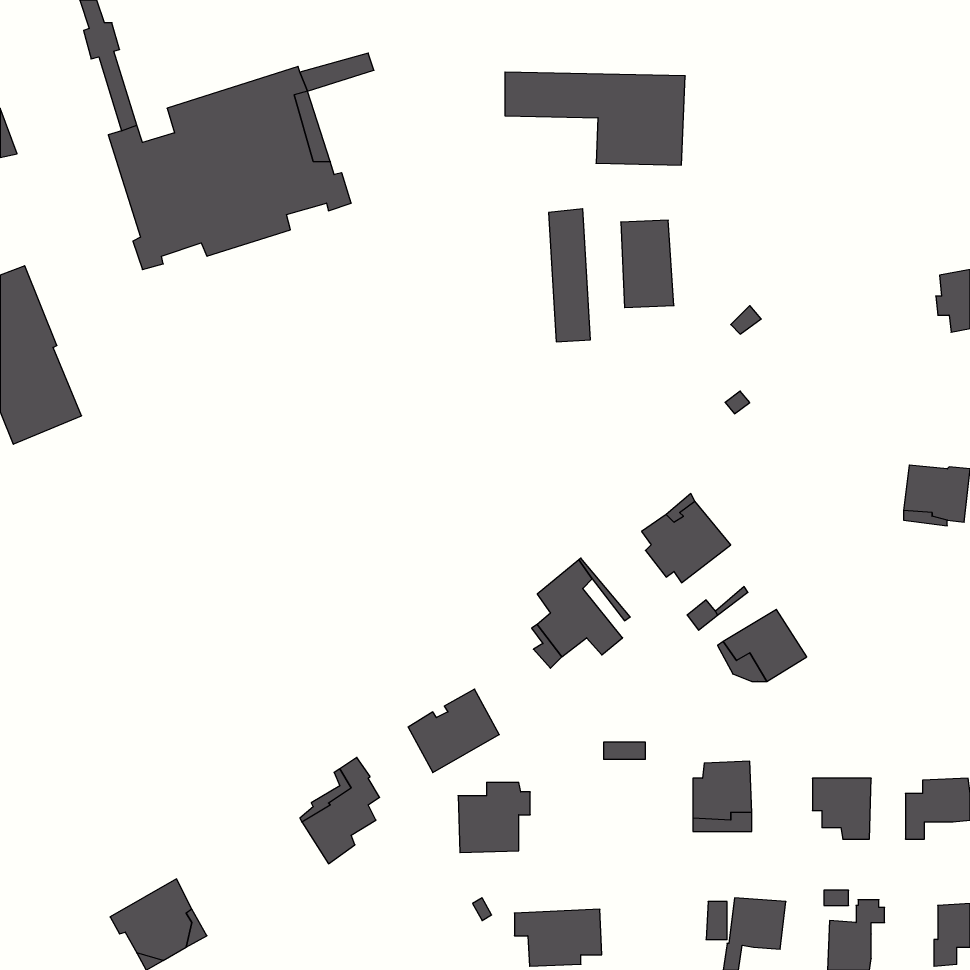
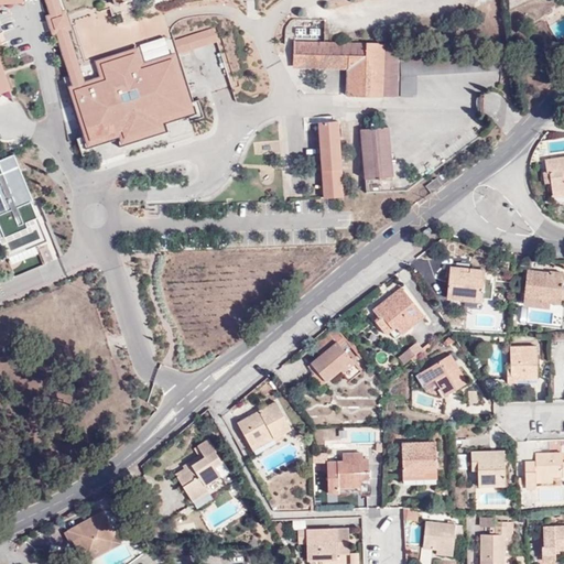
building: none -> [447,267,494,301]
building: none -> [508,346,536,382]
building: [458,782,530,853] -> [326,453,368,494]

